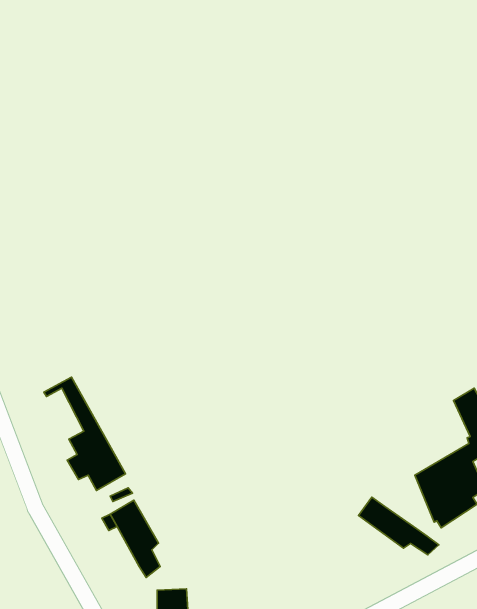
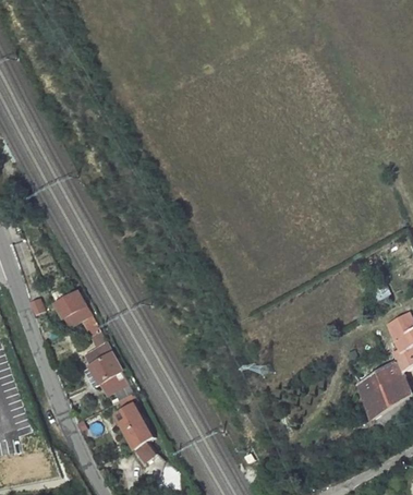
building: none -> [56,291,86,318]
building: [358,497,439,555] -> none

